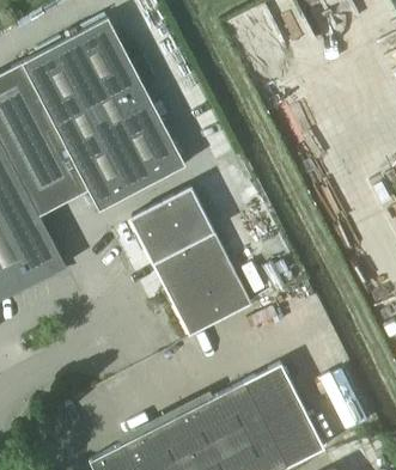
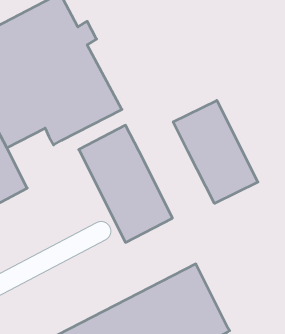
building: none -> [173,100,258,203]

